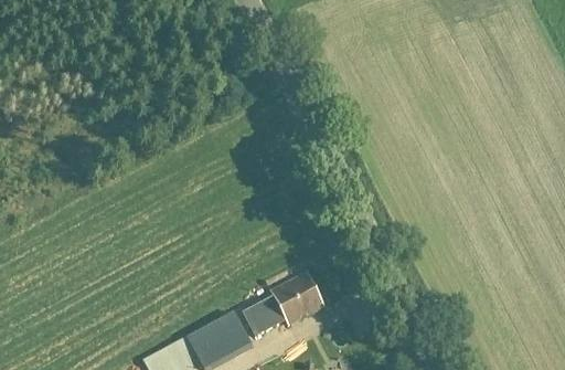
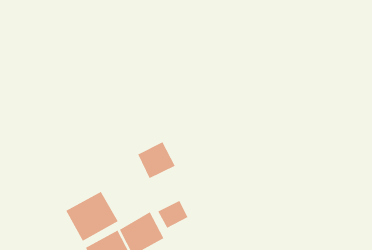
building: [273,269,326,321] -> [137,141,176,179]
building: none -> [65,191,119,242]

